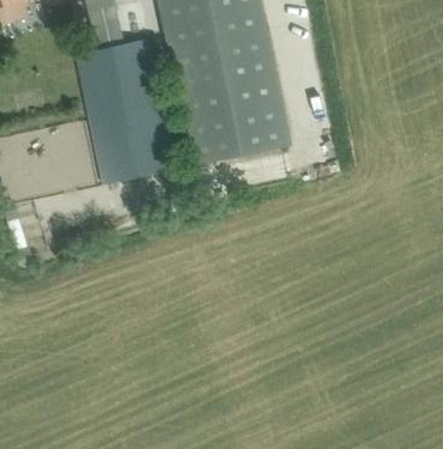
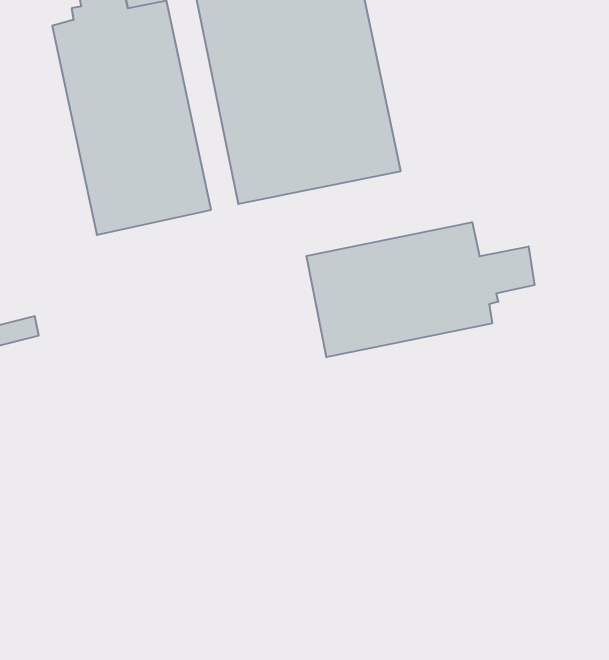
building: none -> [306,222,534,357]

